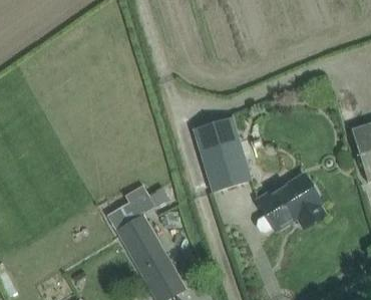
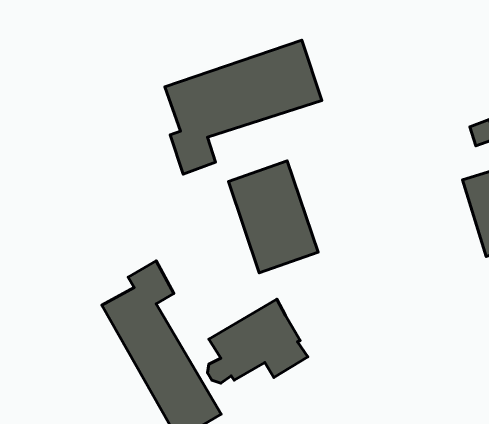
building: none -> [165,40,322,174]
building: [258,175,326,232] -> [208,299,308,383]

